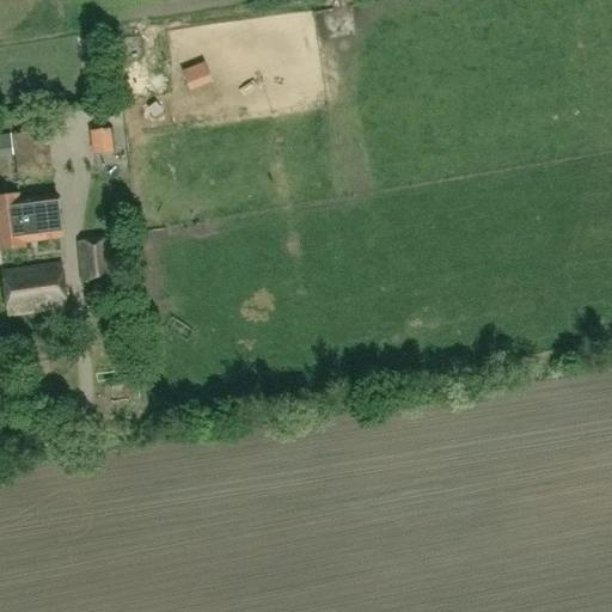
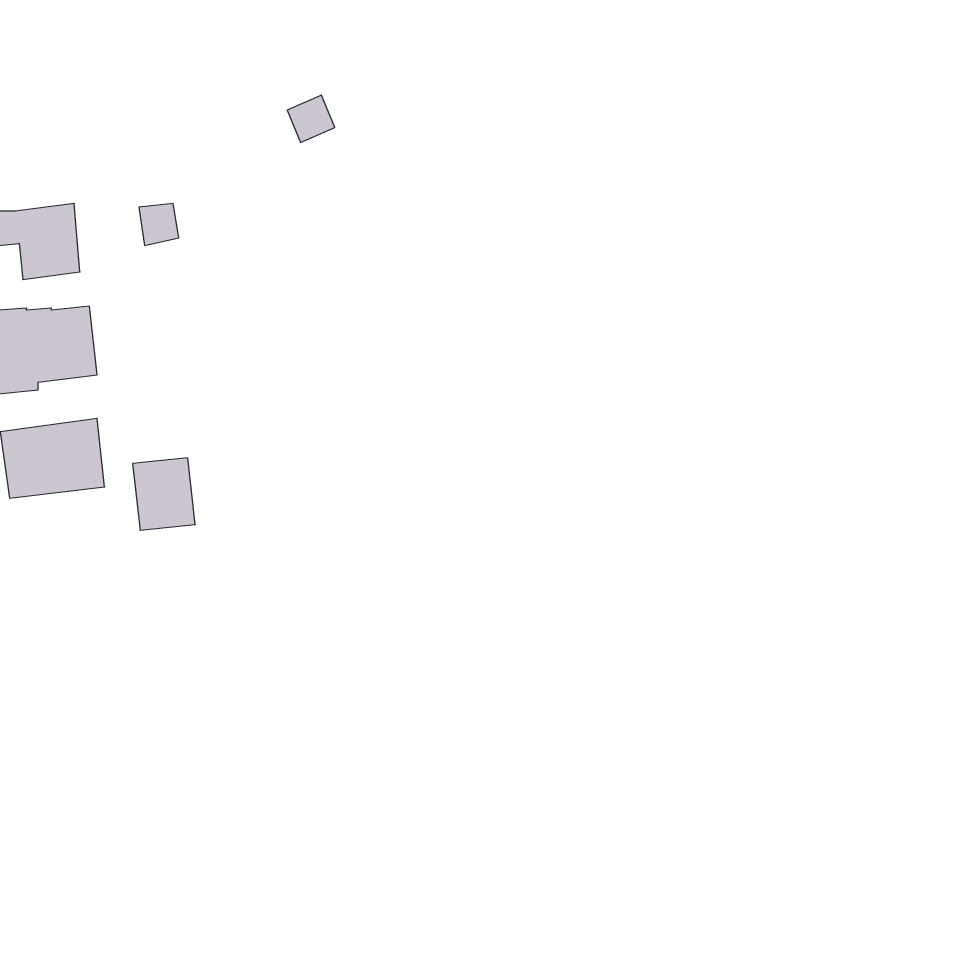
building: [75,237,115,282] -> [133,458,195,530]

